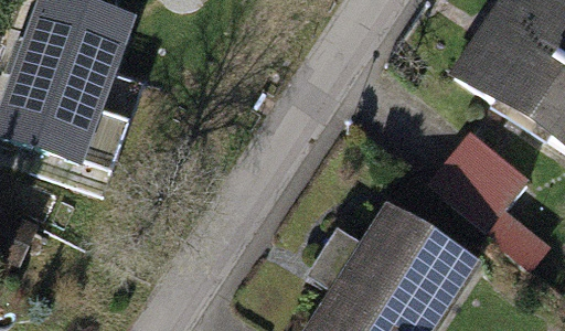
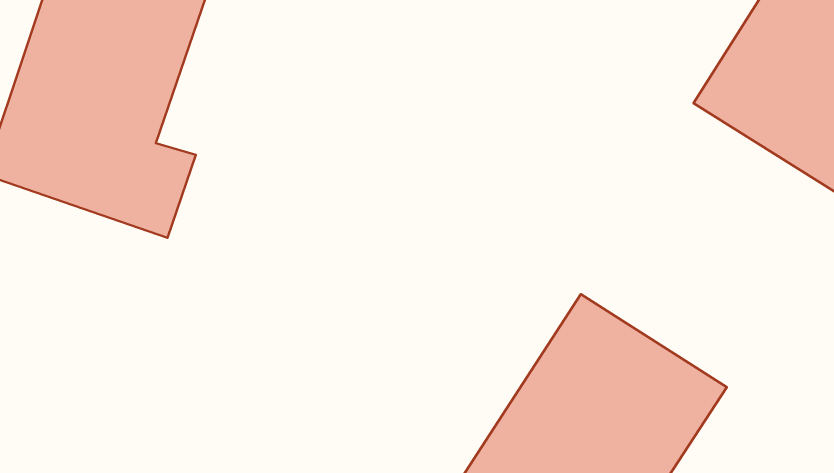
building: [430,134,529,231] -> none

